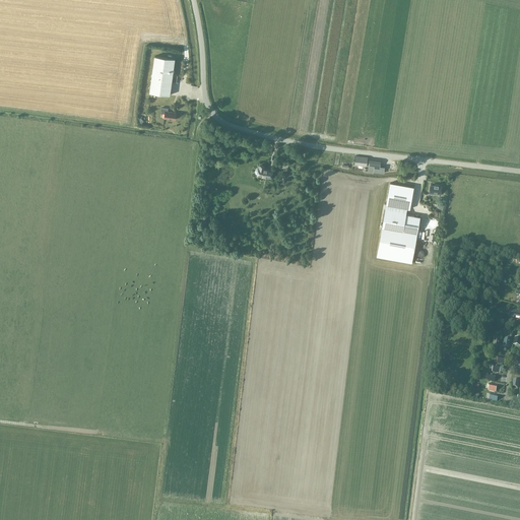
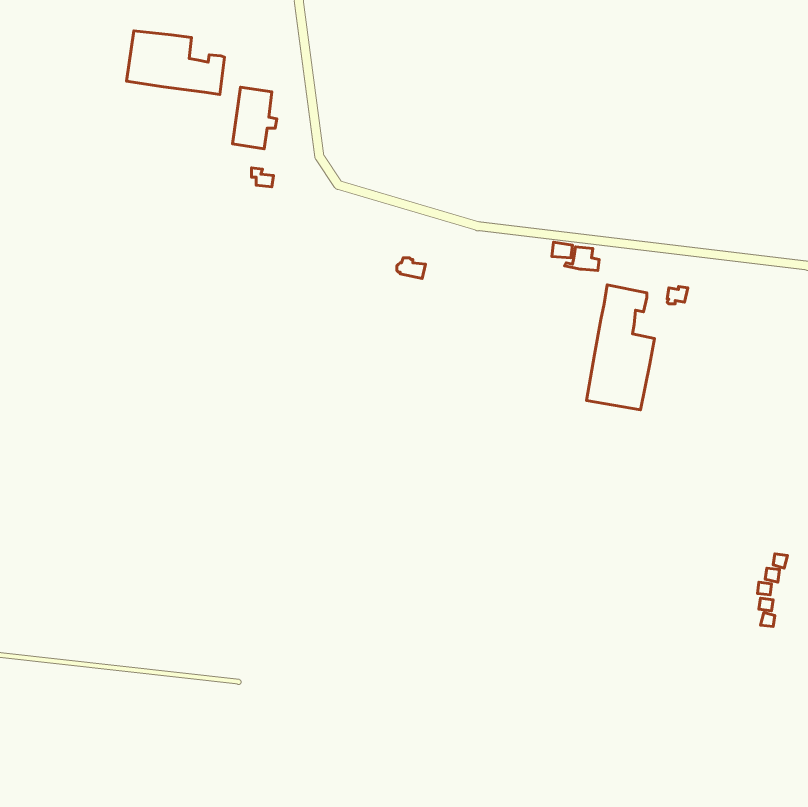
building: none -> [127,31,224,95]

